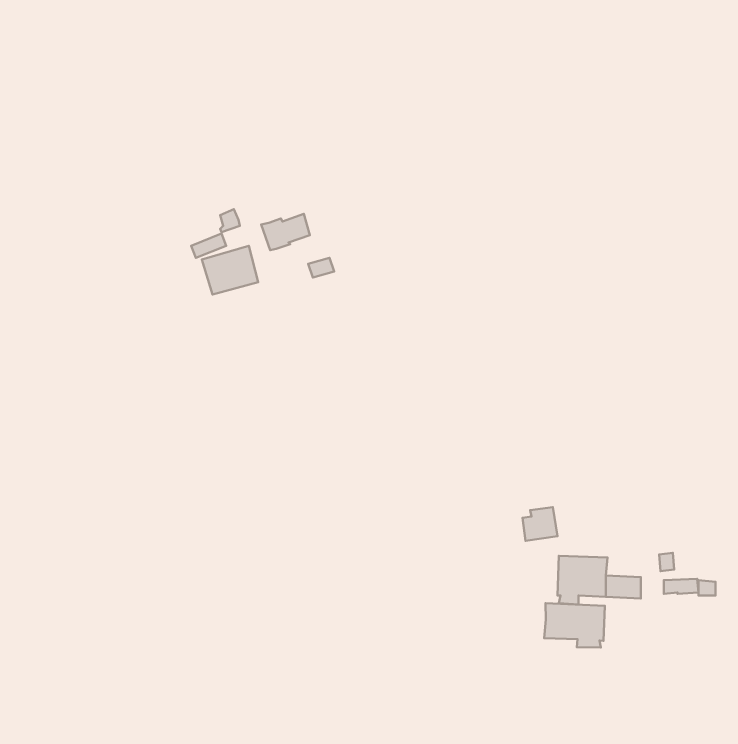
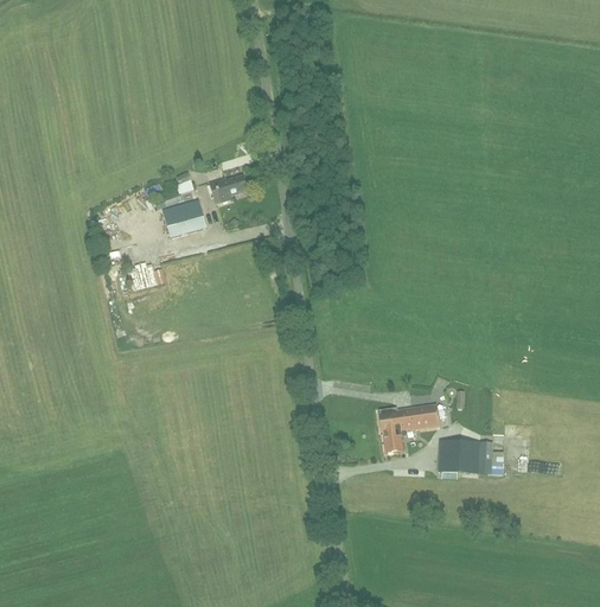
building: none -> [379,407,415,452]
building: [544,603,605,647] -> none

